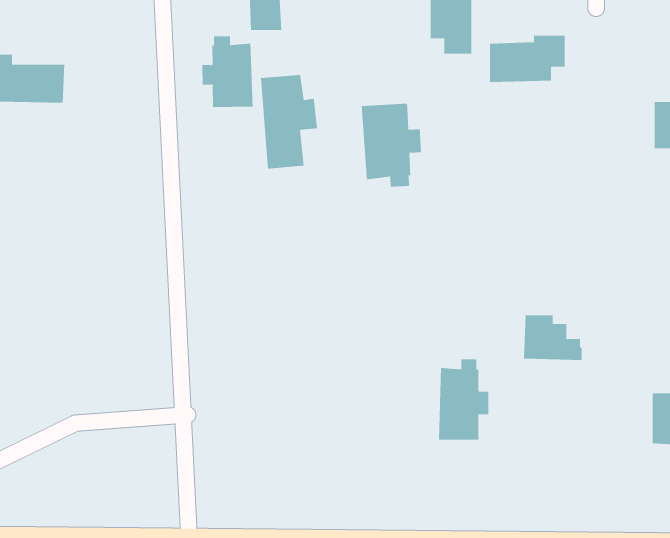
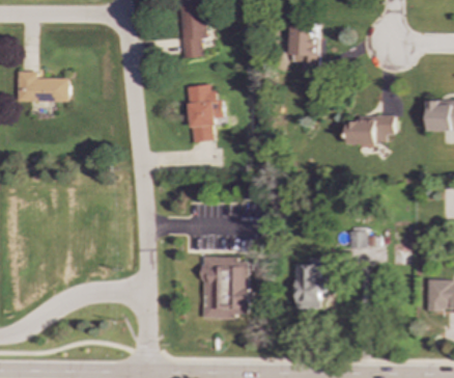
building: [489,35,565,83] -> [347,115,394,144]
building: [202,36,253,108] -> none
building: [361,103,421,188] -> none
building: none -> [202,258,249,318]

